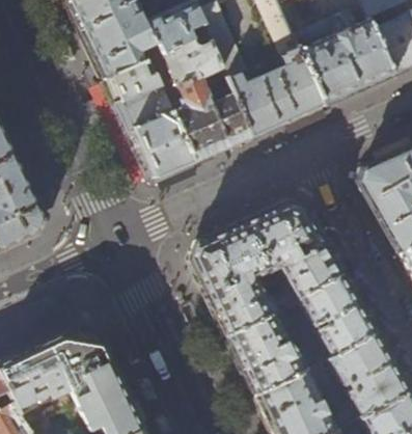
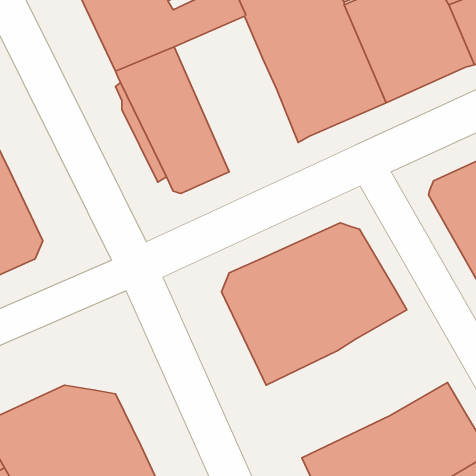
building: [150,35,251,162] -> none
building: [298,274,373,357] -> none
building: [225,307,326,395] -> none

